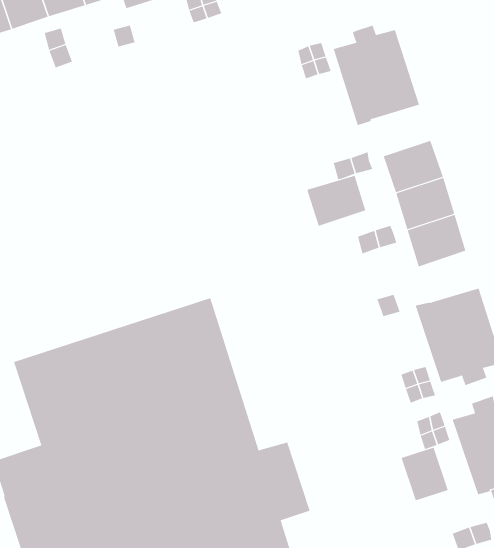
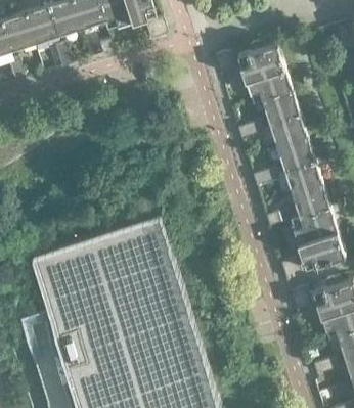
building: [307,175,366,227] -> [261,93,299,126]
building: none -> [291,186,329,219]
building: [401,447,449,501] -> none

